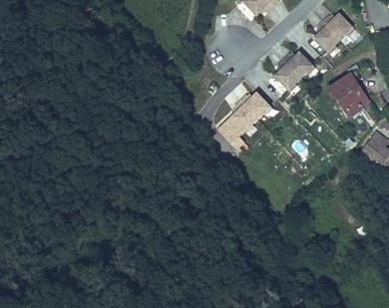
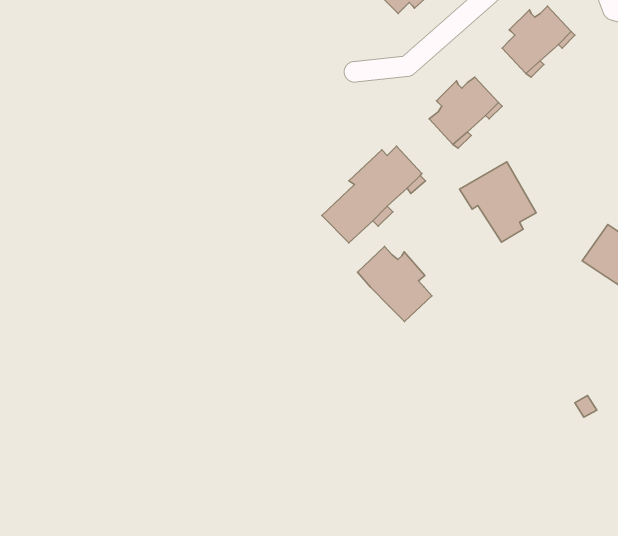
building: [327,71,369,115] -> [459,162,536,242]
building: none -> [357,246,432,321]

